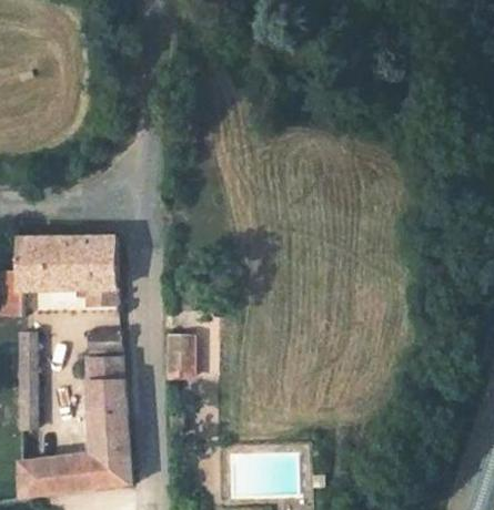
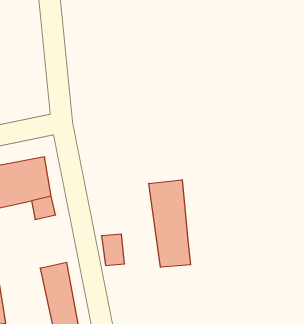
building: none -> [149,180,191,267]
building: [90,333,122,367] -> none

